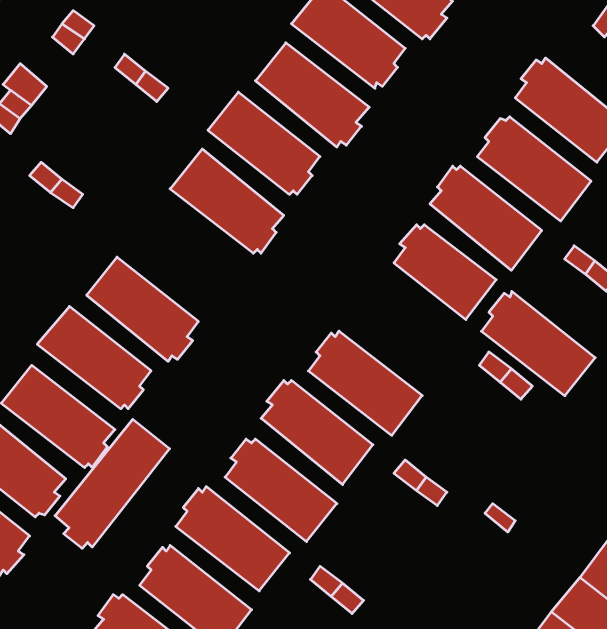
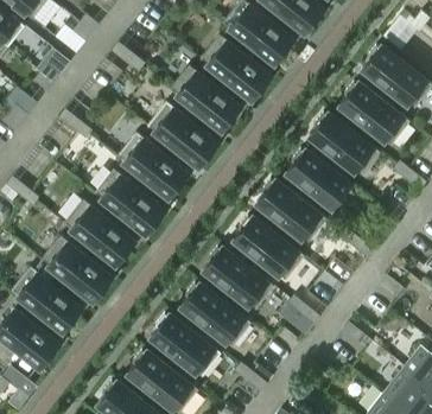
building: none -> [116,133,188,198]
building: [481,291,595,396] -> [255,179,326,244]
building: [55,419,170,548] -> none

